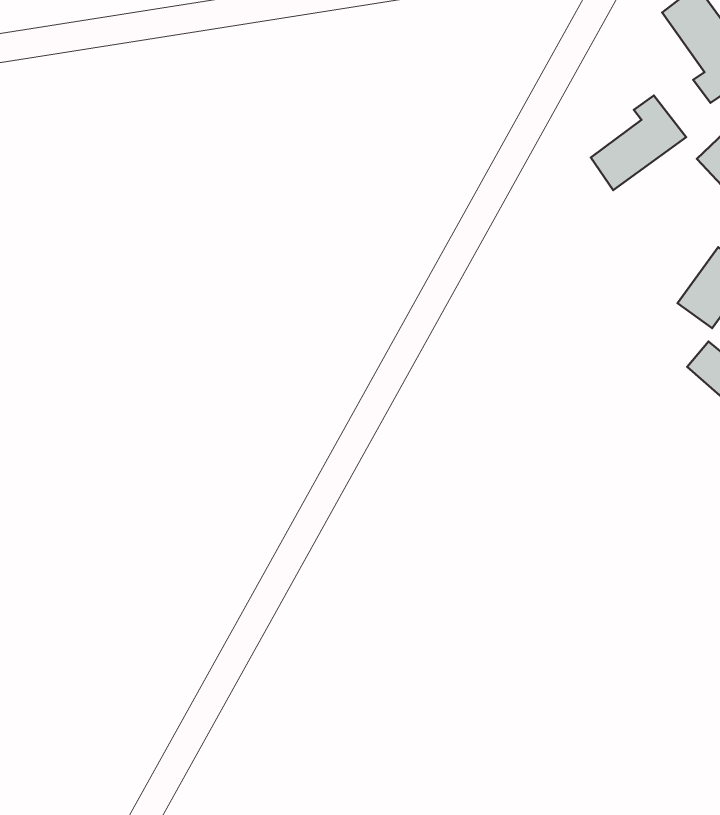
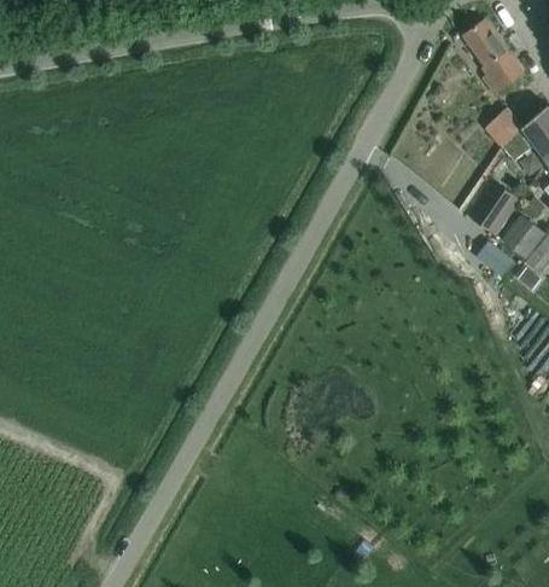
building: [591,96,686,190] -> none

